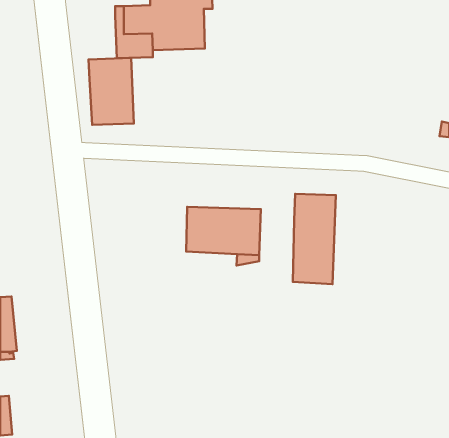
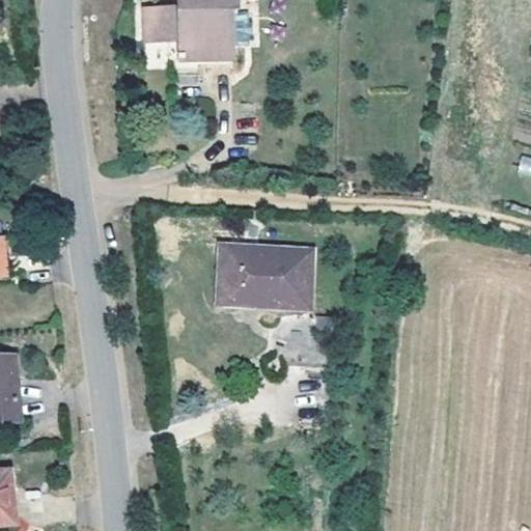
building: [89,58,134,125] -> none
building: [293,194,336,284] -> none

